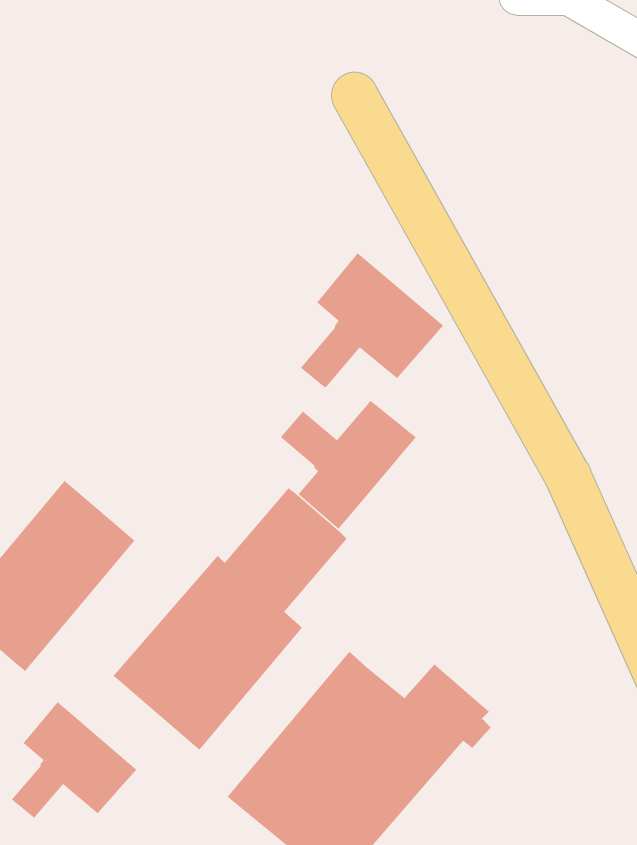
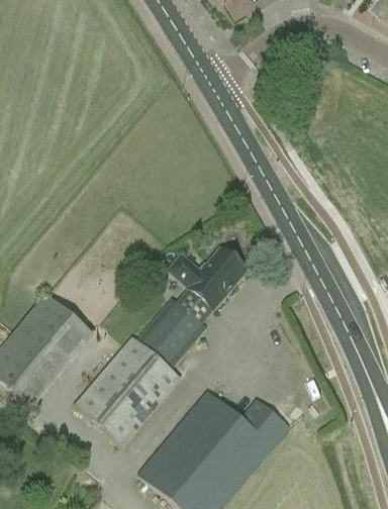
building: [300,252,444,389] -> none
building: [11,701,137,819] -> none

